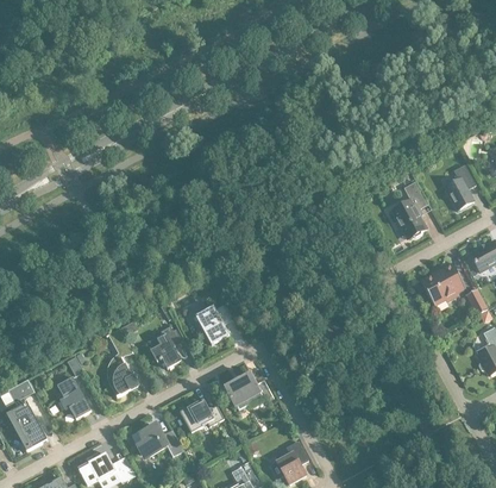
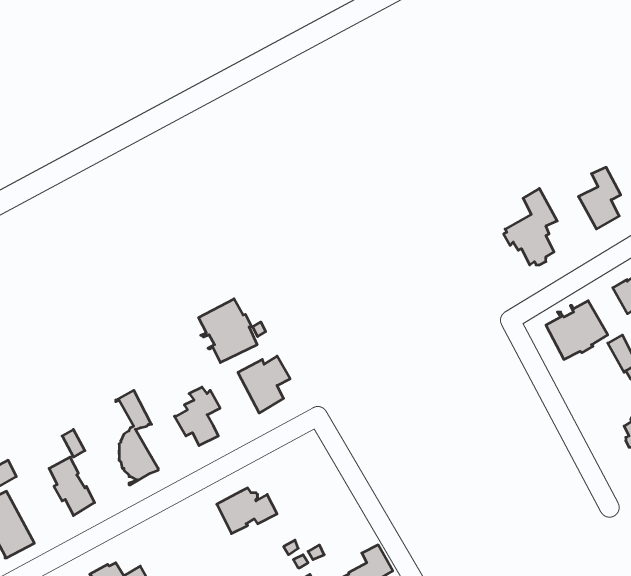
building: none -> [199,299,257,363]
building: [224,373,272,407] -> none
building: [131,424,183,456] -> none

